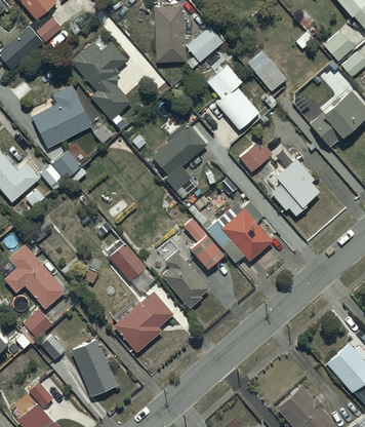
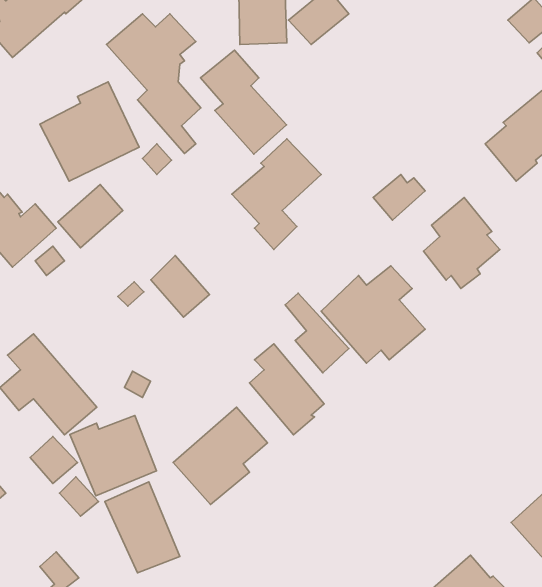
building: [246,49,286,91] -> none
building: [205,64,259,129] -> [200,50,286,154]
building: [109,242,146,281] -> [151,256,209,317]
building: none -> [70,416,157,496]

